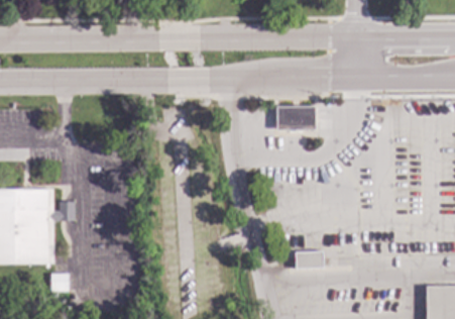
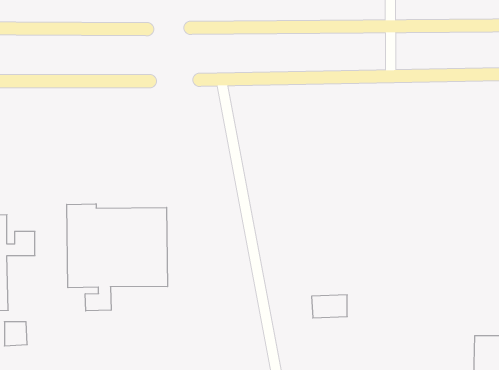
building: [275,105,314,128] -> none
building: none -> [67,204,168,311]

